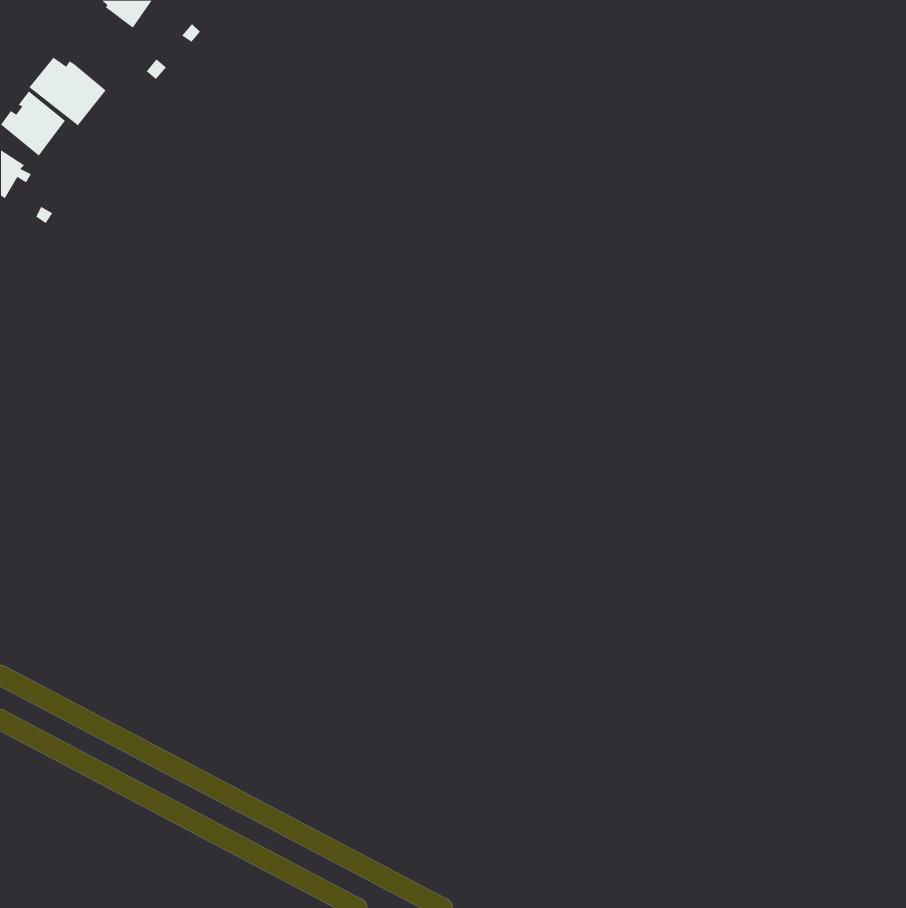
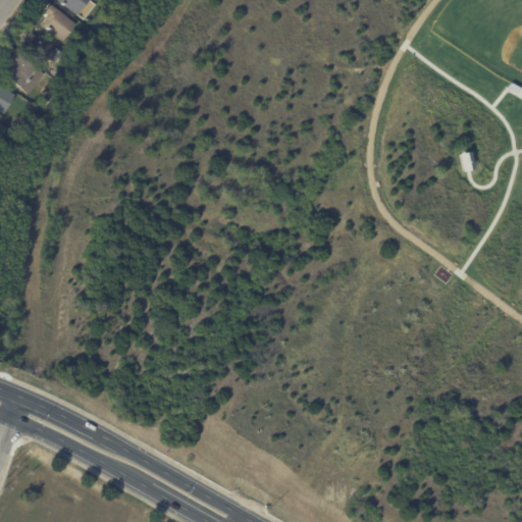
building: none -> [45,4,77,41]

